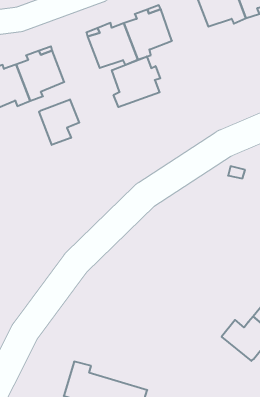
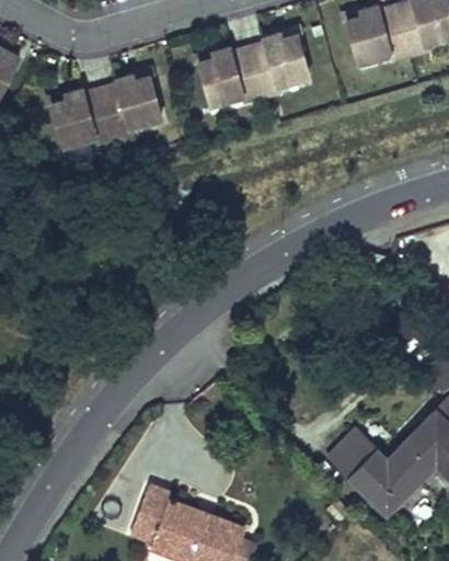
building: [112,56,160,107] -> none
building: [39,99,79,145] -> none
building: none -> [322,427,379,473]

